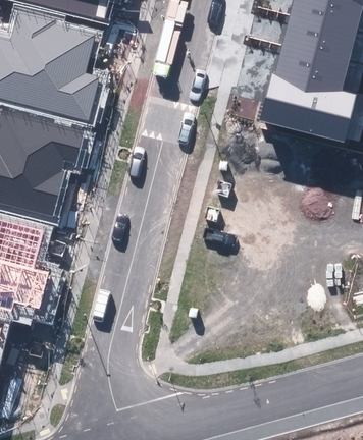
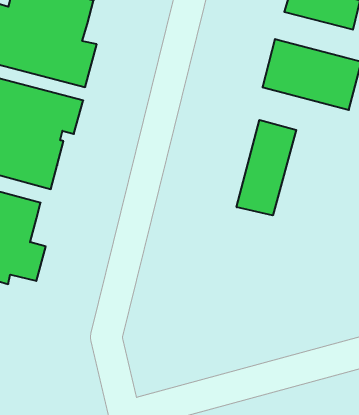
building: [275,45,349,90] -> none
building: none -> [237,120,296,215]

